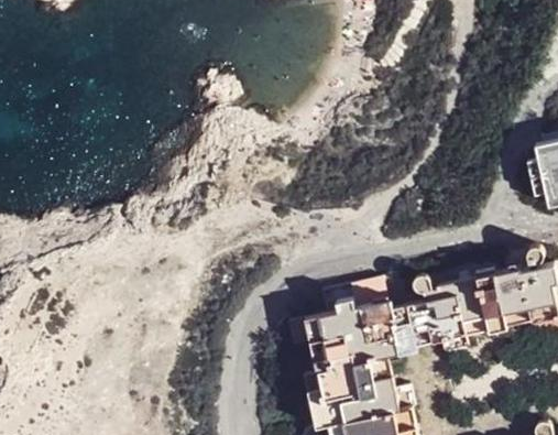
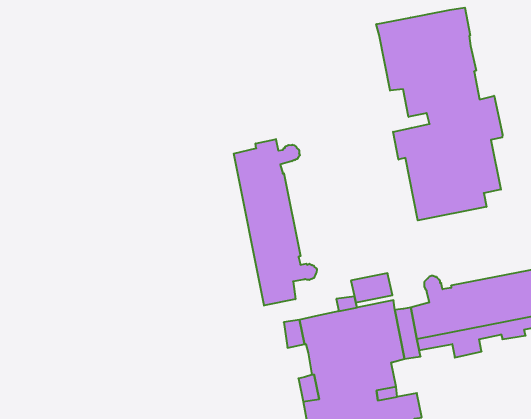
building: none -> [376,8,502,220]
building: none -> [234,139,317,306]

